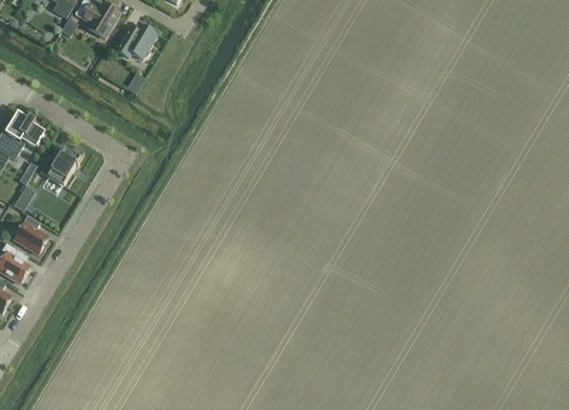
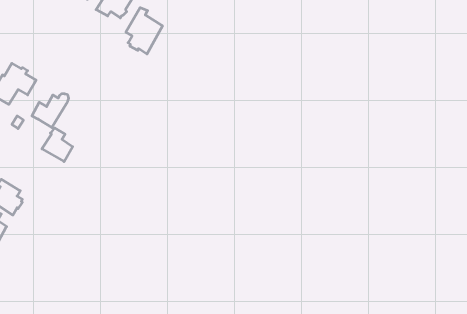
building: none -> [126,8,162,54]
building: [12,215,47,254] -> [42,128,73,162]

